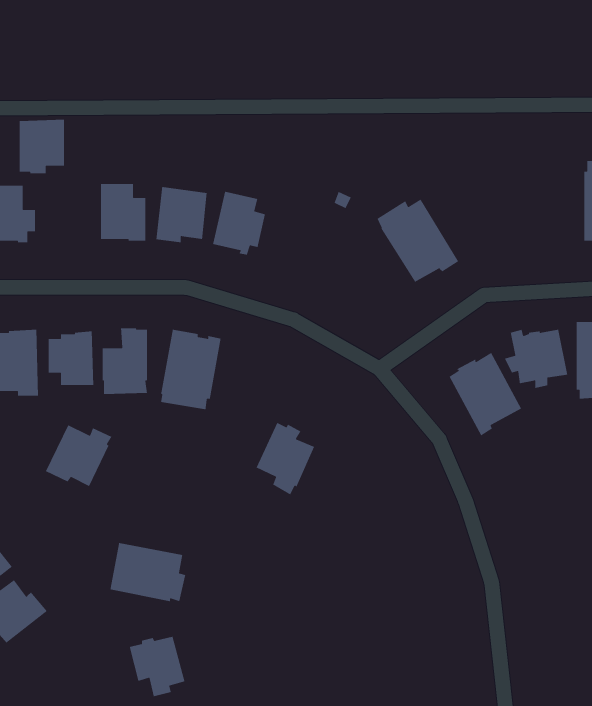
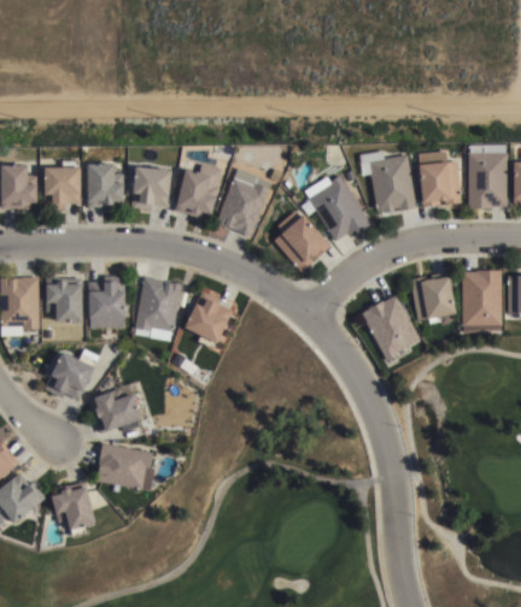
building: [19,119,65,174] -> [45,166,81,210]
building: none -> [359,151,416,212]
building: none -> [417,151,461,206]
building: none -> [217,169,273,237]
building: none -> [274,211,330,272]
building: [255,422,315,496] -> [186,291,233,349]
building: none -> [89,391,147,434]
building: [129,636,186,697] -> [52,488,96,536]

